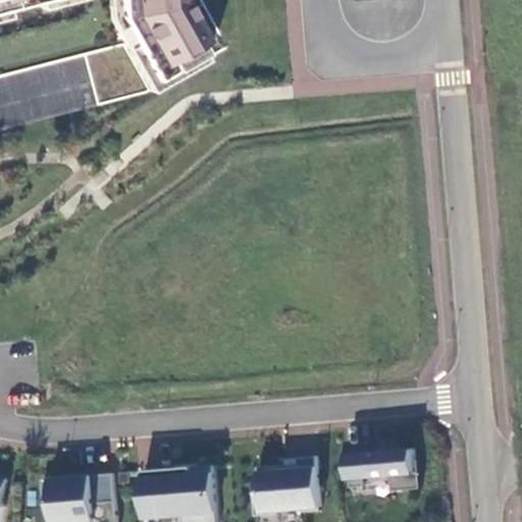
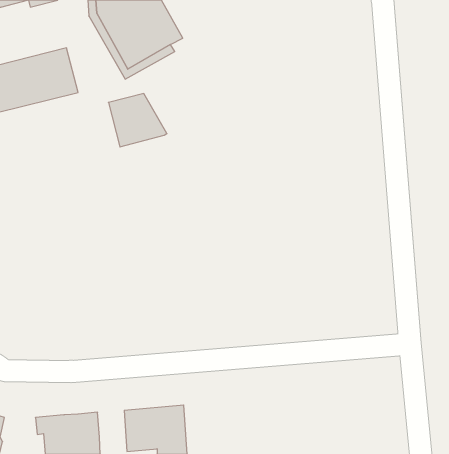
building: [76,45,144,106] -> [108,94,167,147]
building: [346,448,419,490] -> none
building: [252,456,319,516] -> none

